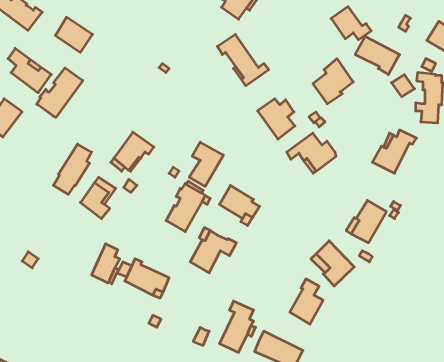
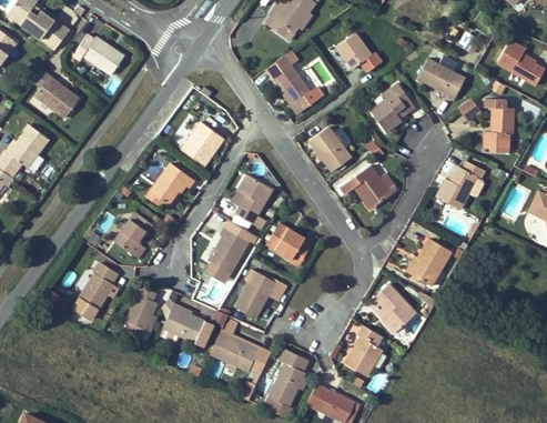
building: [331,7,371,40] -> [336,33,381,70]
building: [37,68,83,117] -> none
building: none -> [181,122,224,167]
building: [53,144,92,194] -> [73,263,115,319]
building: none -> [210,331,257,372]

